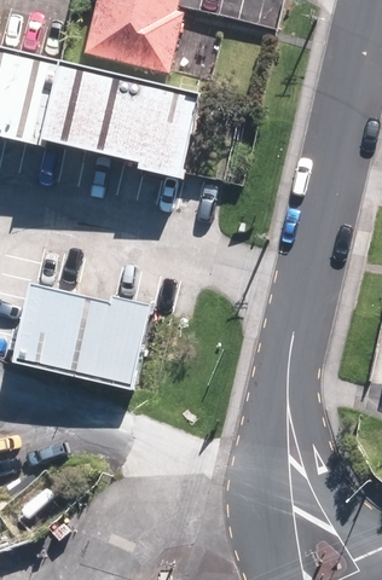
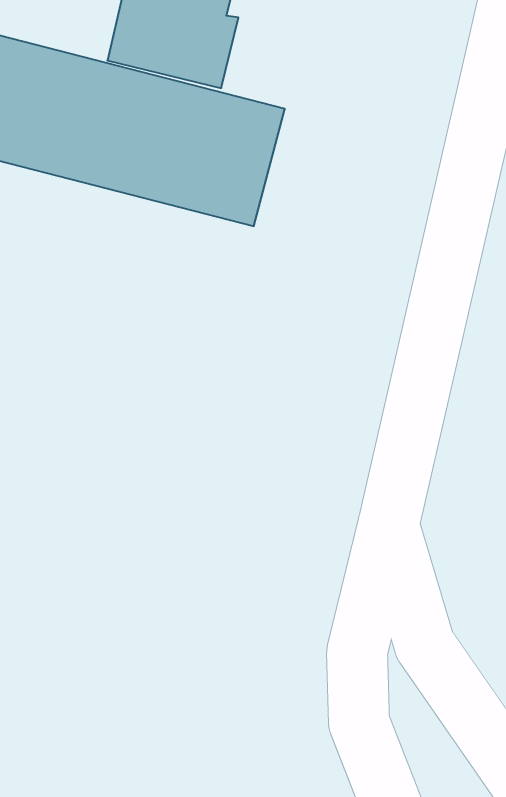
building: [10,272,149,385] -> none

